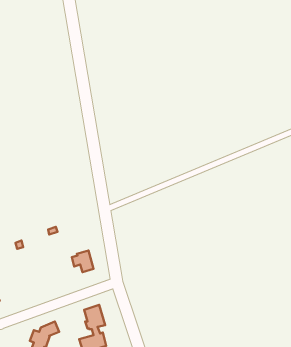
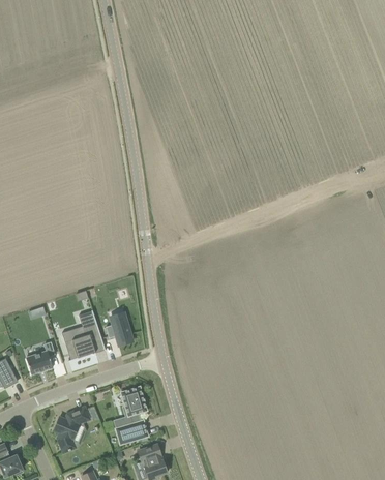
building: none -> [68,310,102,359]
building: none -> [26,341,55,374]

